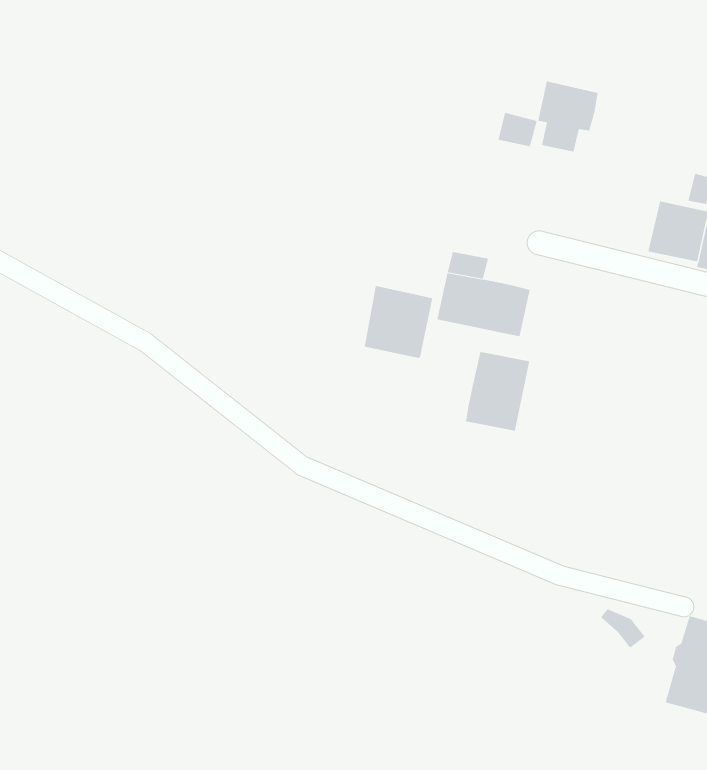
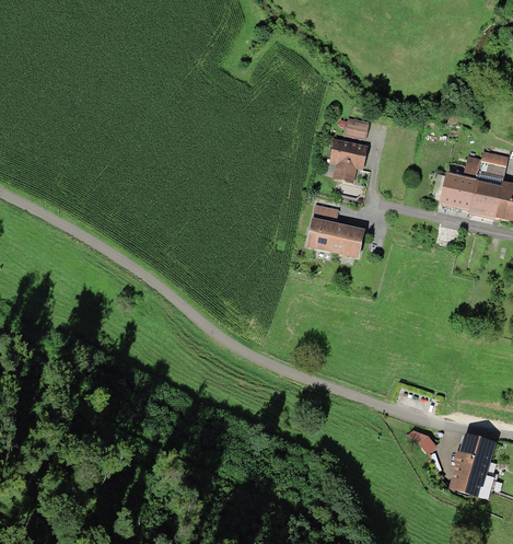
building: [538,81,599,152] -> [330,138,369,183]
building: [364,285,433,359] -> none
building: [466,351,530,432] -> none

